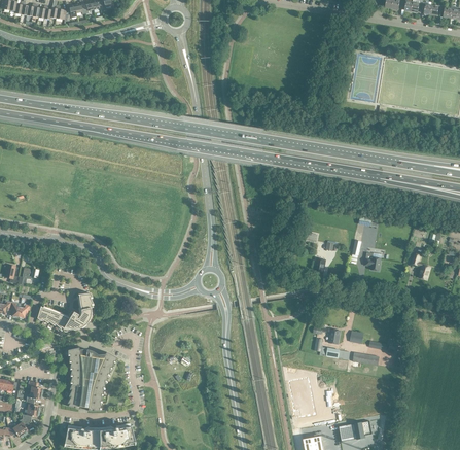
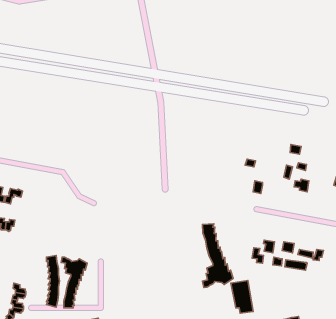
building: [36,292,94,328] -> none
building: none -> [202,224,233,287]

